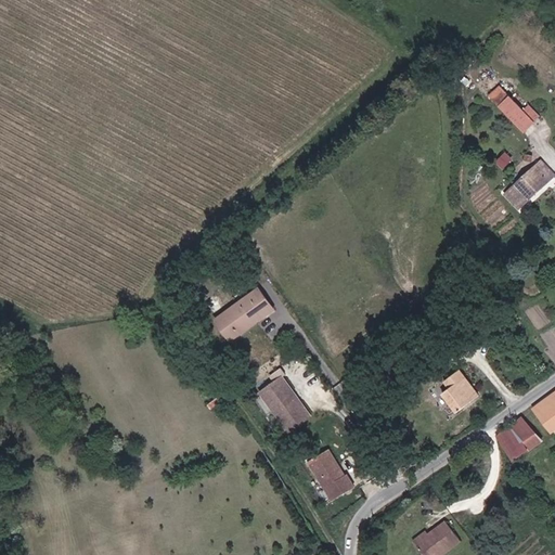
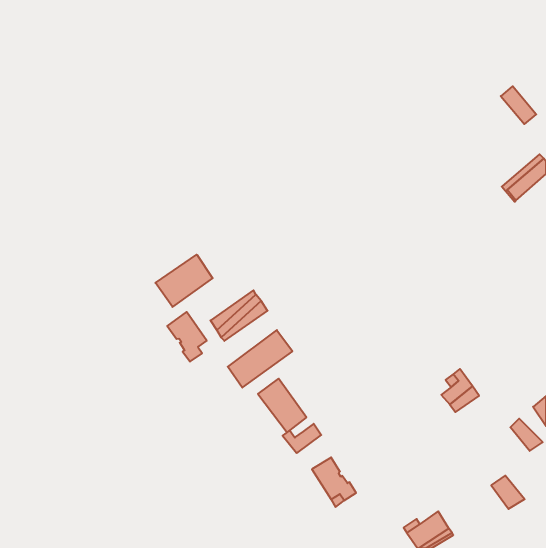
building: none -> [155,255,213,307]
building: none -> [167,312,207,362]
building: none -> [228,330,292,388]
building: none -> [283,424,321,453]
building: [499,429,532,463] -> [491,476,525,509]

